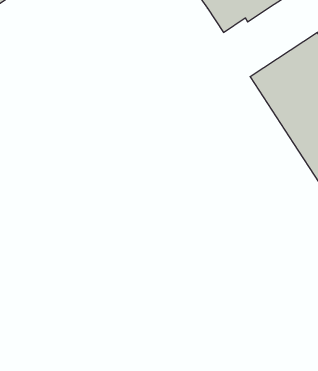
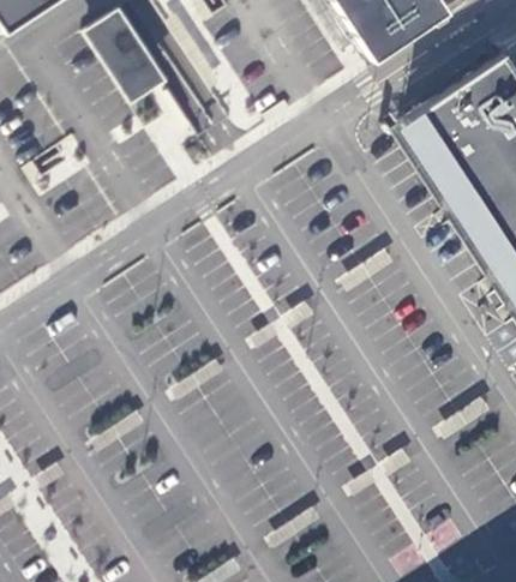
building: none -> [85,11,166,103]

